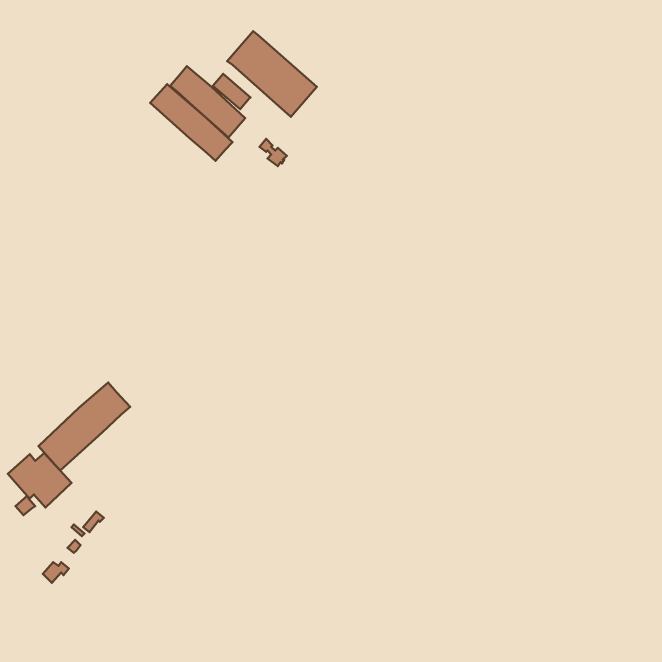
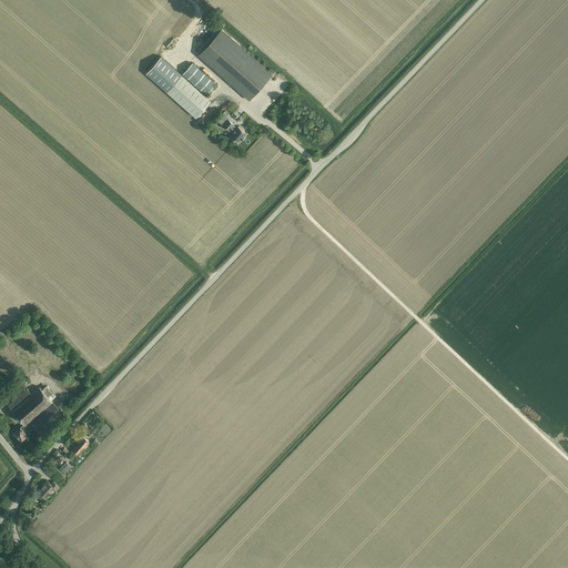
building: [150,84,232,161] -> none
building: [38,382,130,471] -> none

